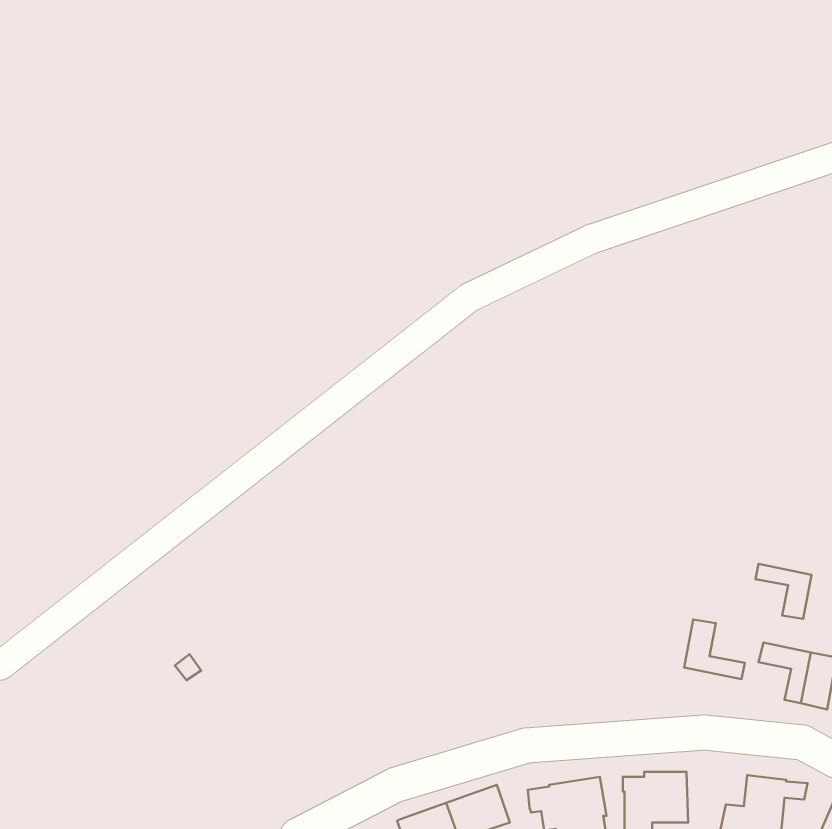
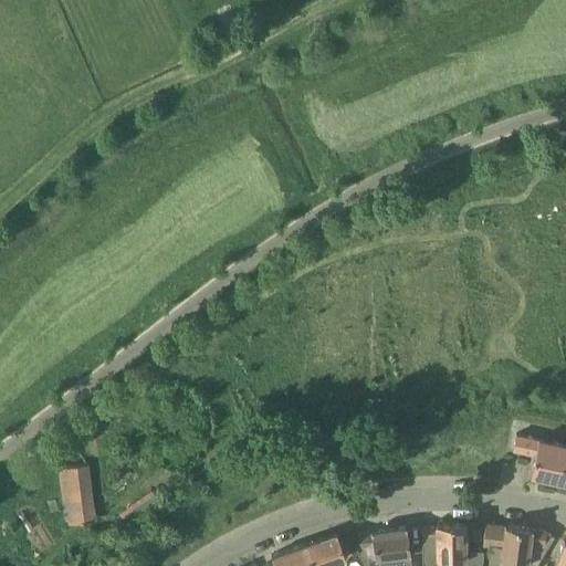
building: [756,564,812,619] -> none
building: [684,620,745,679] -> none
building: none -> [61,469,95,525]

